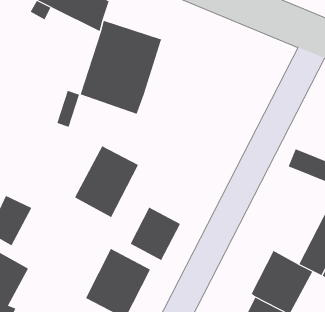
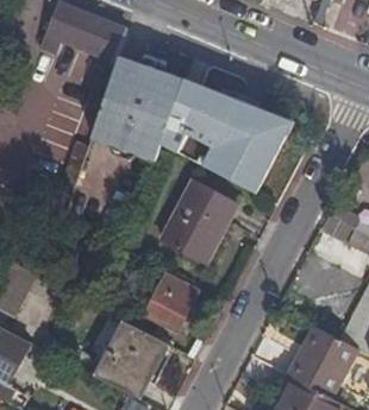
building: none -> [163,84,290,195]
building: [74,146,139,218] -> [164,184,237,265]

